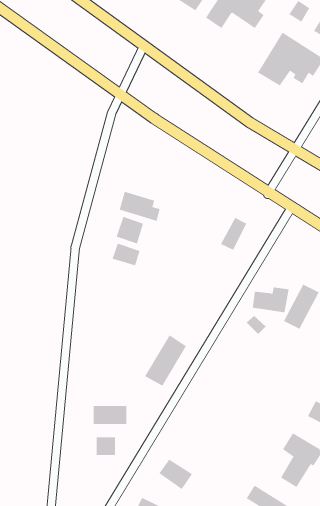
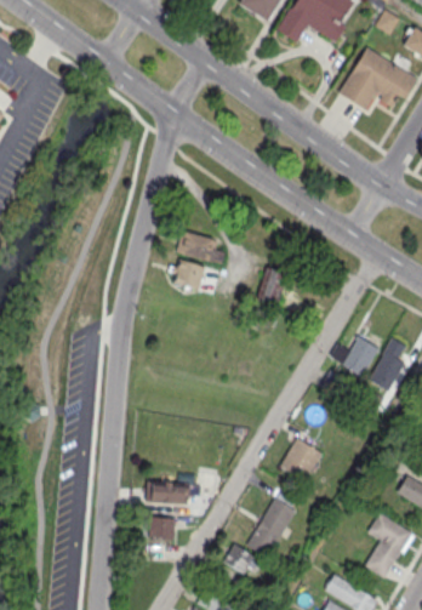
building: [220,217,247,250] -> [256,269,287,308]
building: [112,243,140,266] -> none
building: [144,335,187,387] -> [246,497,296,558]
building: none -> [281,438,323,481]

